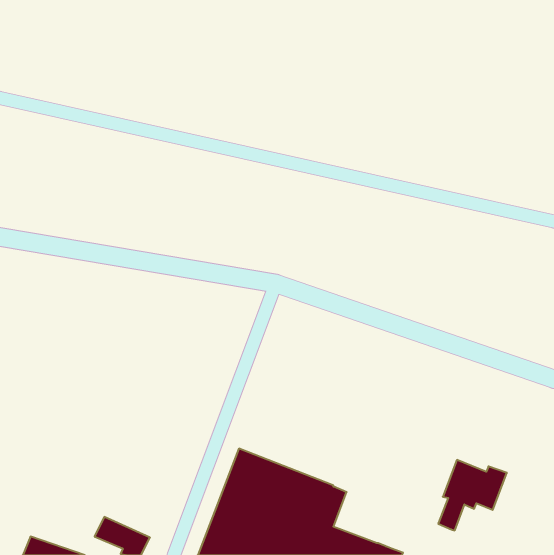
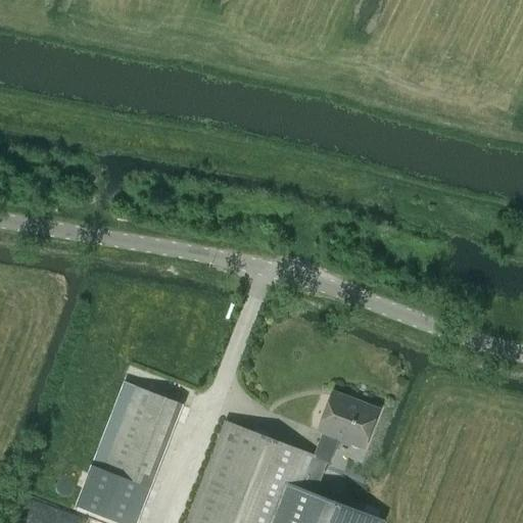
building: none -> [103,387,181,489]
building: [438,460,507,530] -> [314,397,378,464]

